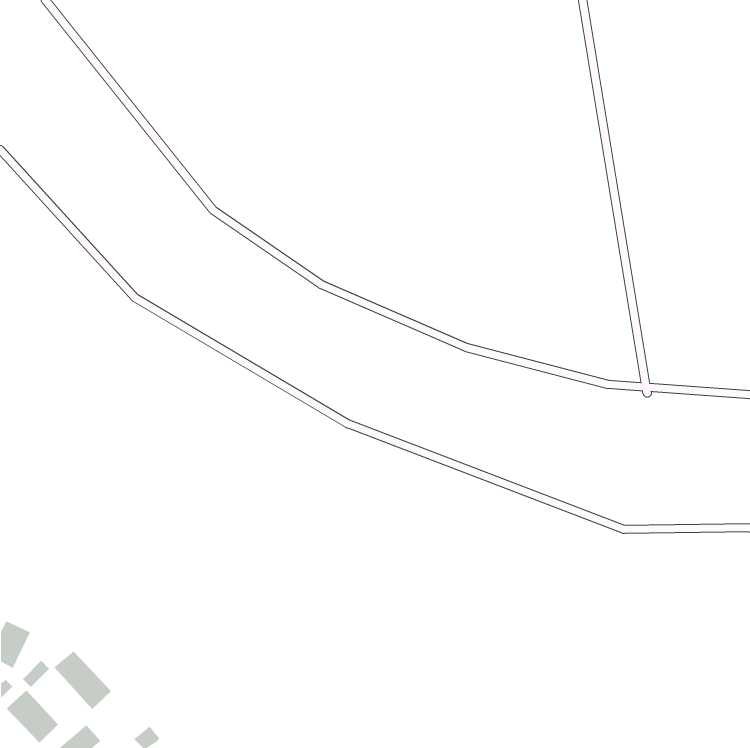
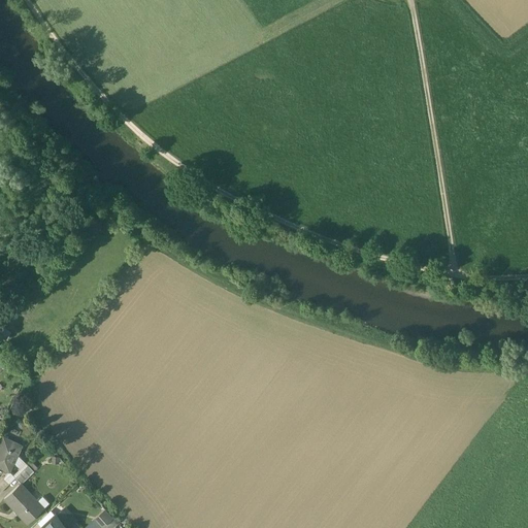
building: [54,650,112,710] -> none

